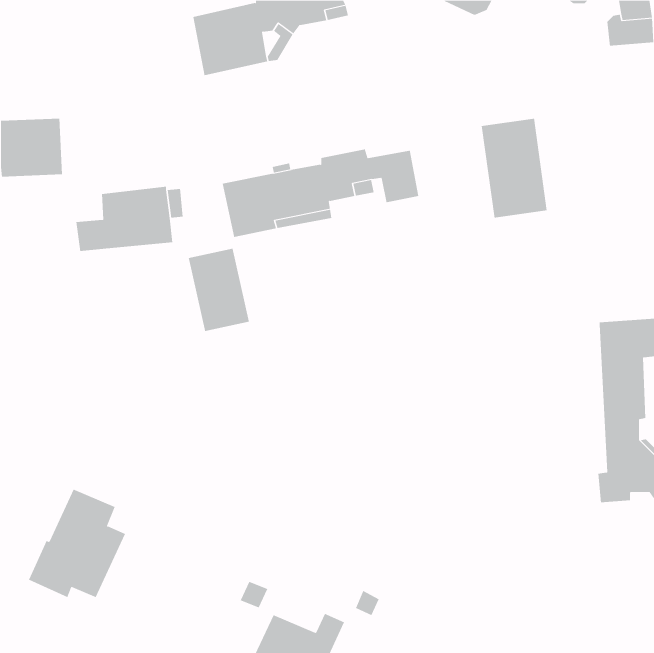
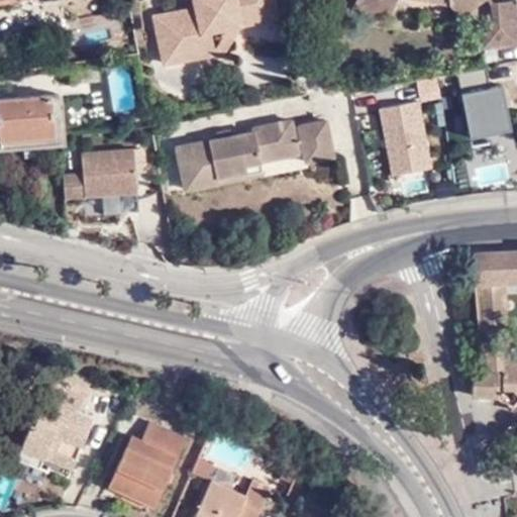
building: none -> [460,65,510,131]
building: [188,248,249,332] -> none
building: none -> [109,422,186,508]

